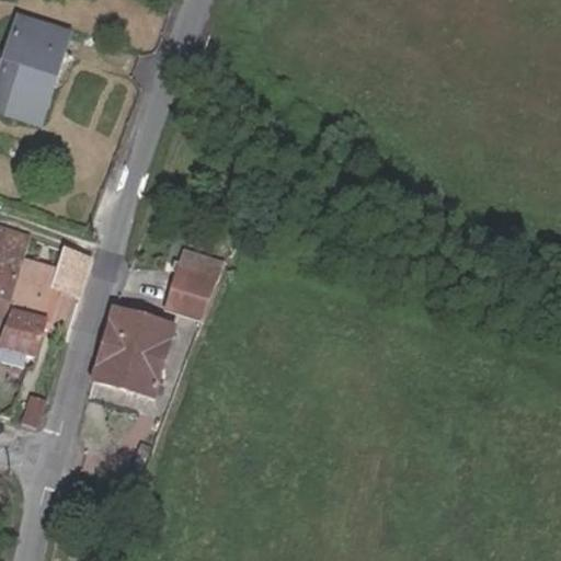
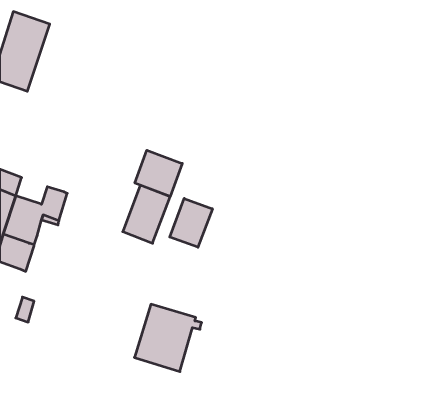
building: none -> [135,150,182,196]
building: none -> [170,198,212,247]
building: [91,308,180,397] -> [134,304,202,372]

